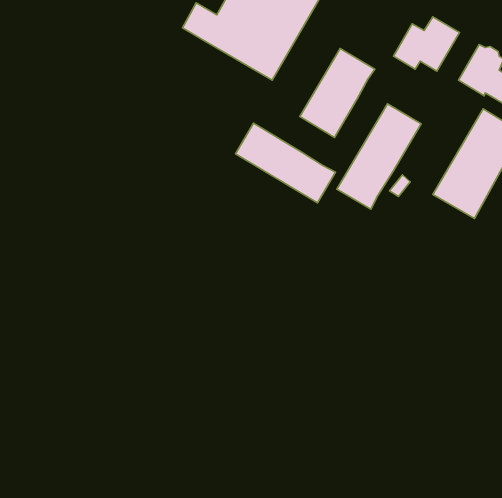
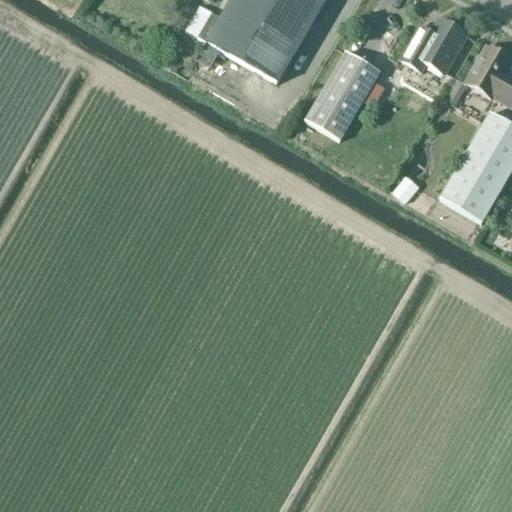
building: [337,104,421,209] -> none
building: [235,123,336,203] -> none

